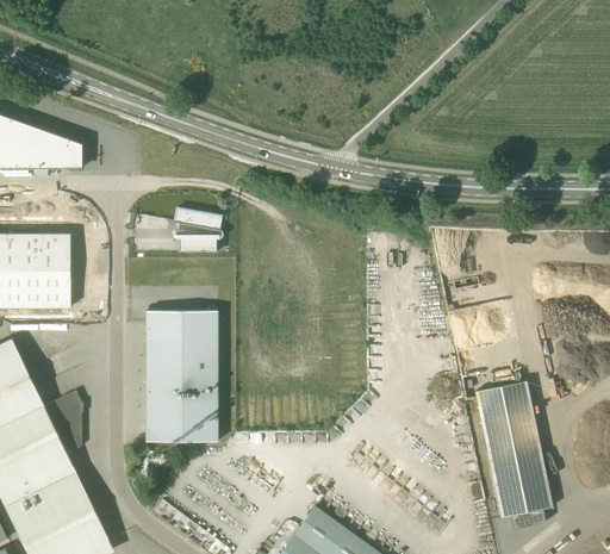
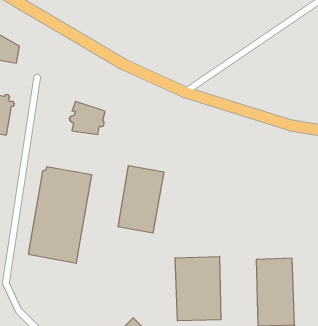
building: none -> [118,166,164,233]
building: none -> [175,256,221,321]

